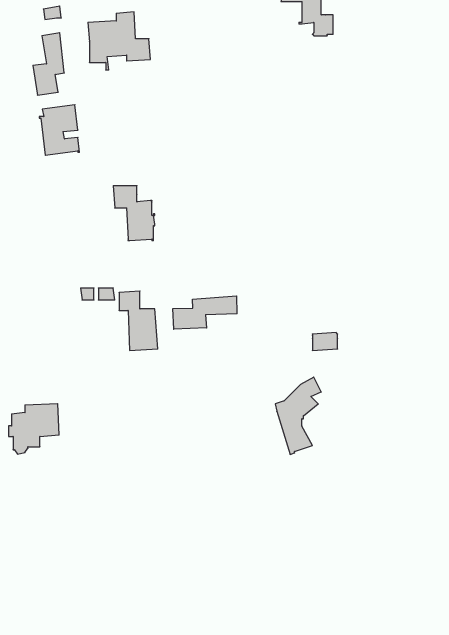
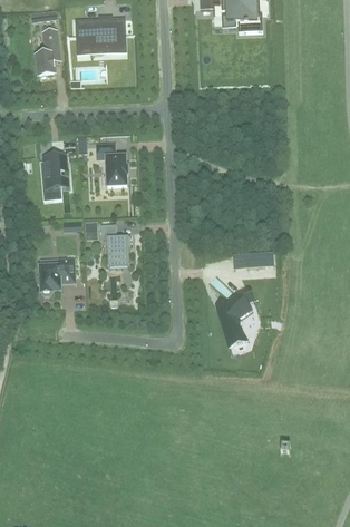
building: [39,105,79,155] -> [40,152,70,189]
building: [173,296,237,329] -> none
building: [9,404,59,454] -> [38,257,76,295]

